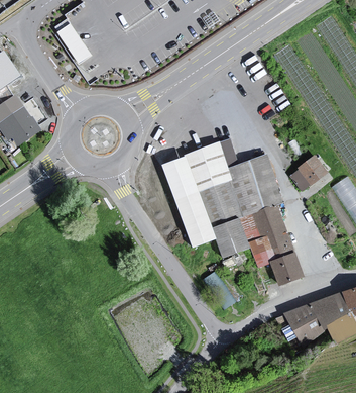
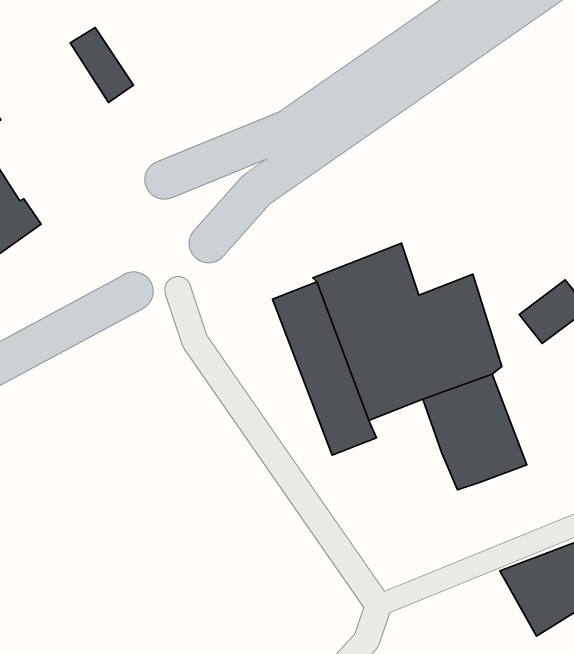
building: [212,219,250,258] -> none
building: [270,254,304,286] -> none

